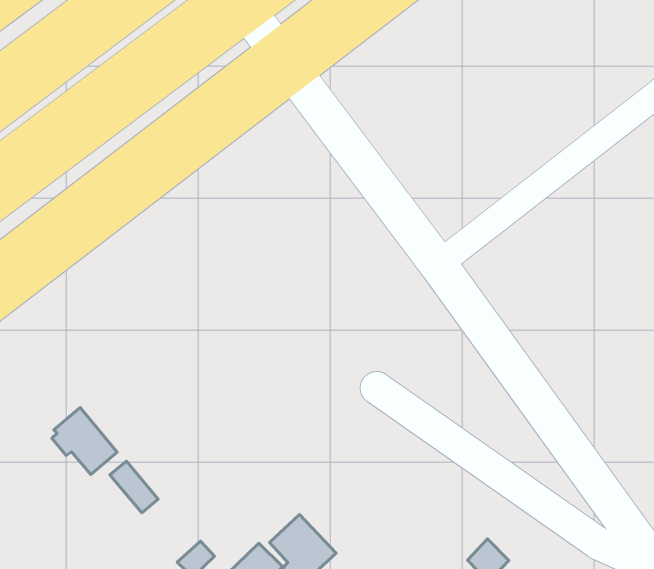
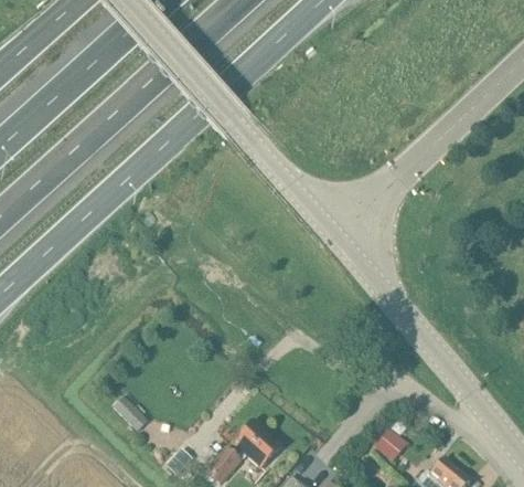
building: [52,408,117,474] -> none

